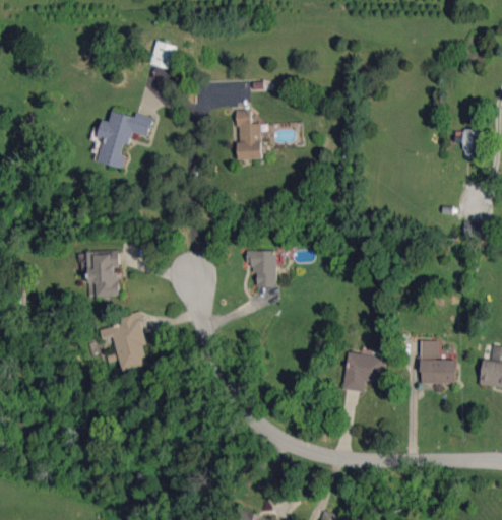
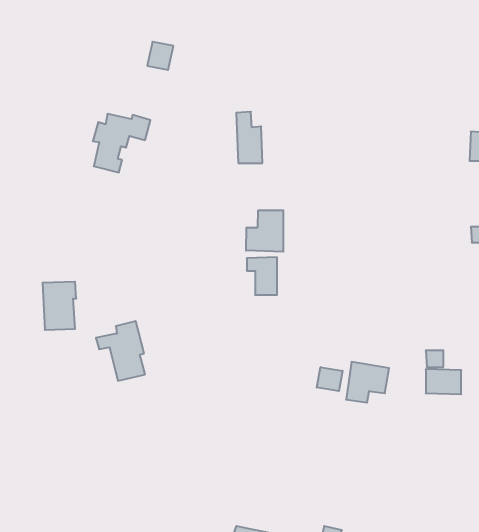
building: none -> [246,210,283,252]
building: [86,251,119,298] -> [43,282,76,330]
building: none -> [317,367,343,391]

